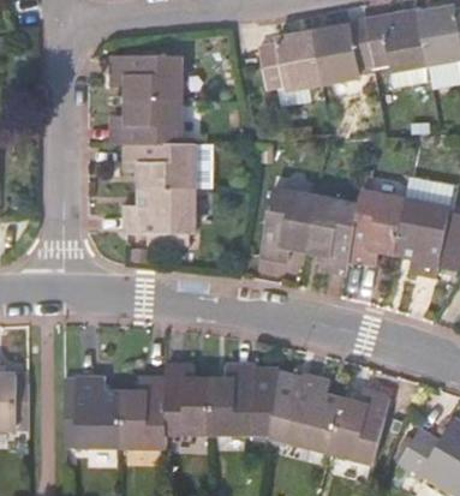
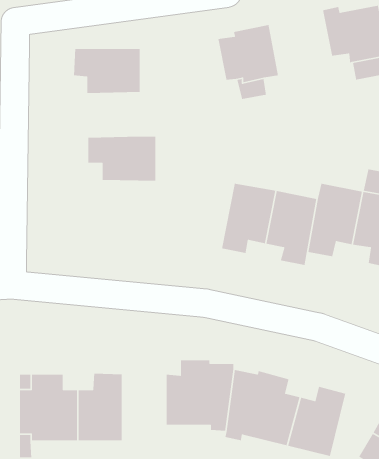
building: [310,16,372,82] -> none
building: [114,98,181,143] -> none
building: [129,186,197,244] -> none
building: [163,365,207,431] -> none

